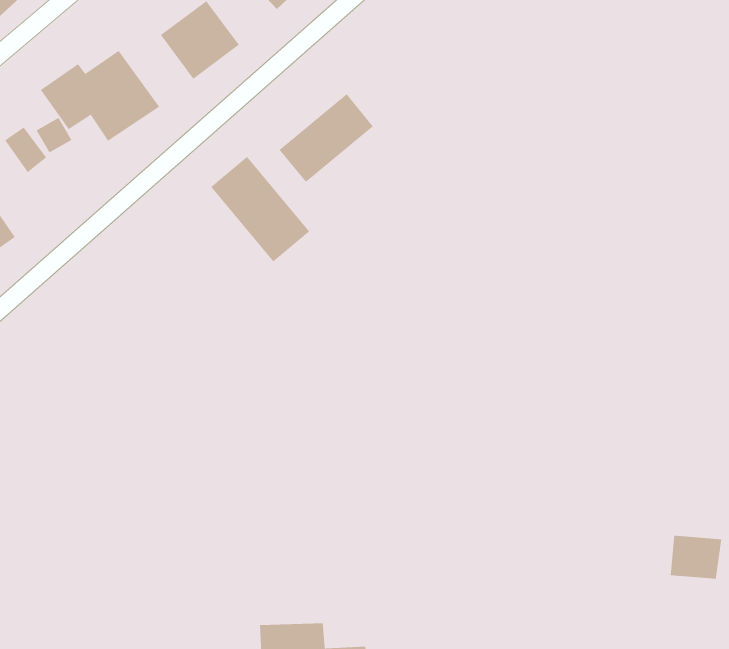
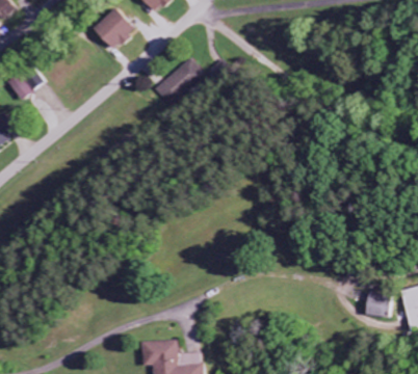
building: [40,50,160,142] -> none
building: [210,156,310,263] -> none

